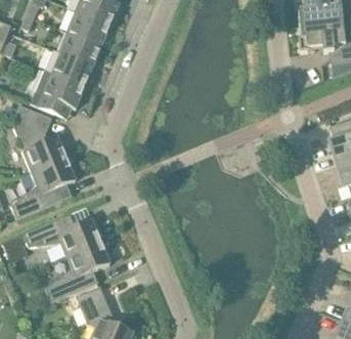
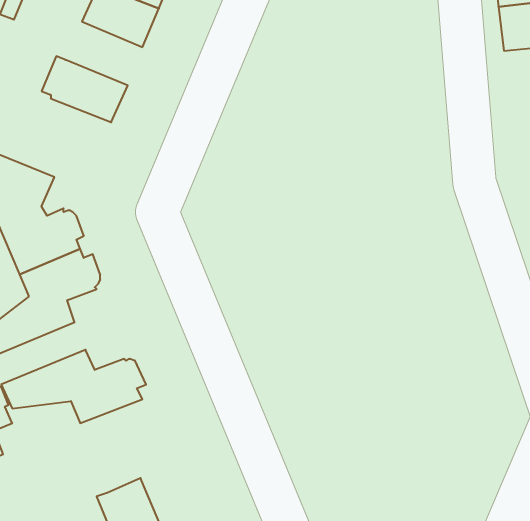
building: [57,32,100,68] -> none
building: [30,75,83,115] -> none
building: [45,243,112,302] -> none

